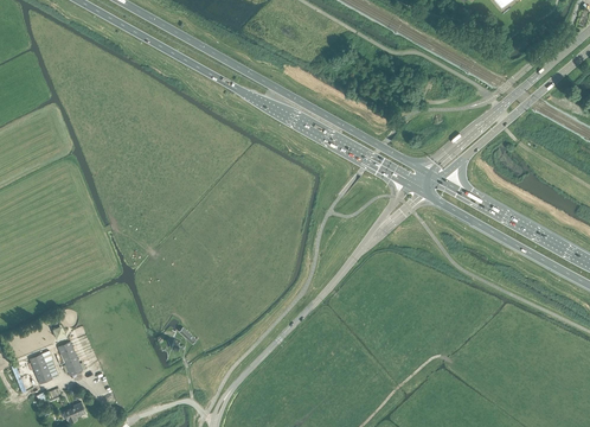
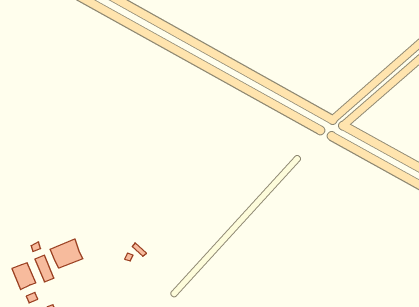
building: none -> [50,239,83,268]

